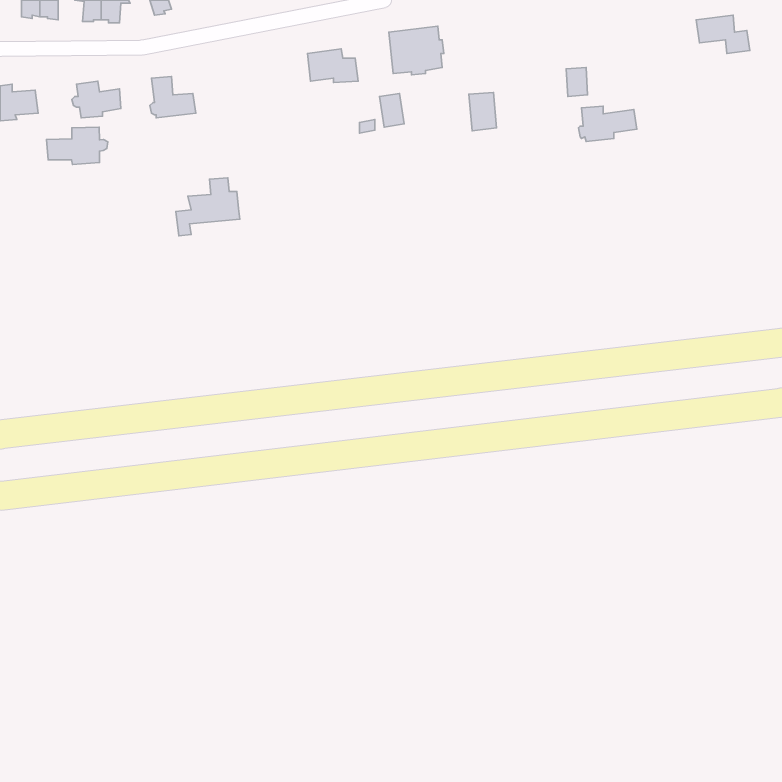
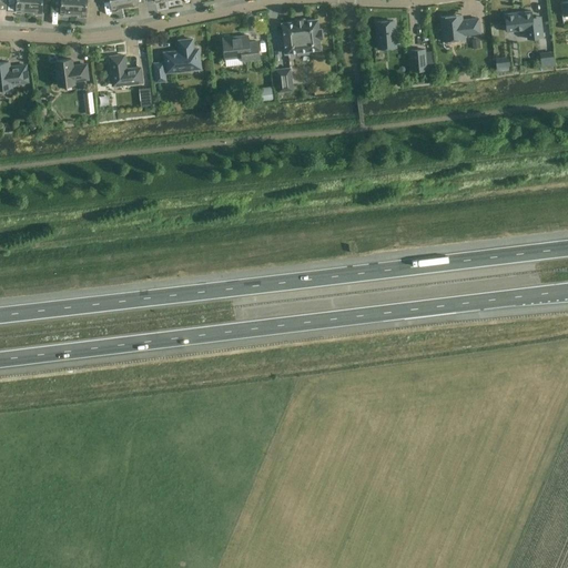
building: [469,92,497,131] -> [376,21,396,49]
building: [579,106,637,142] -> [438,16,480,41]
building: [46,127,108,165] -> none
building: [176,178,240,236] -> [154,39,201,81]

